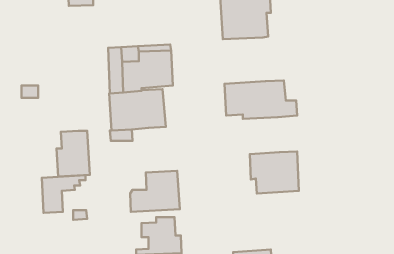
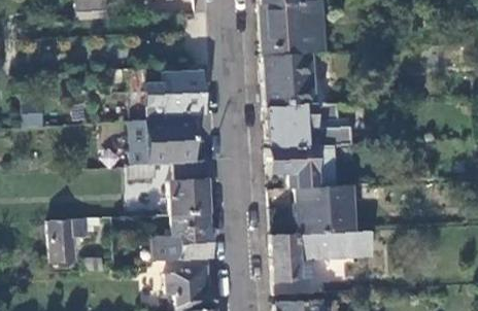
building: none -> [264,55,314,109]
building: none -> [268,148,331,193]
building: [57,131,90,177] -> [171,160,210,213]
building: none -> [272,233,373,284]

